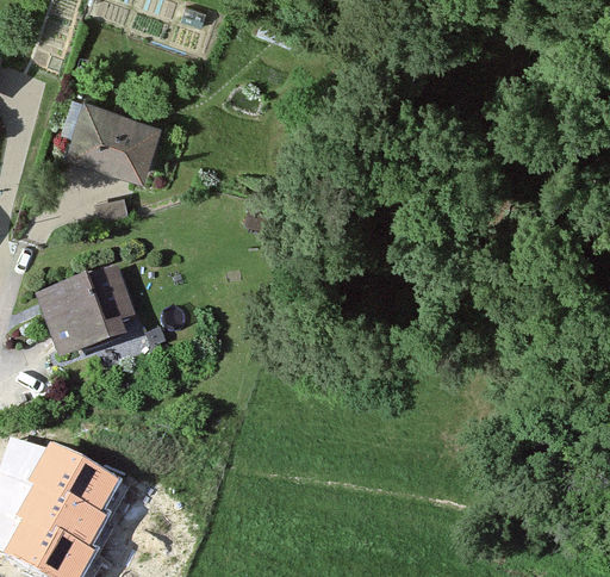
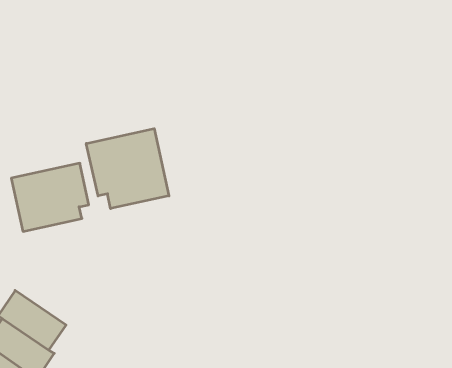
building: [66,98,161,179] -> none
building: none -> [86,129,169,209]

